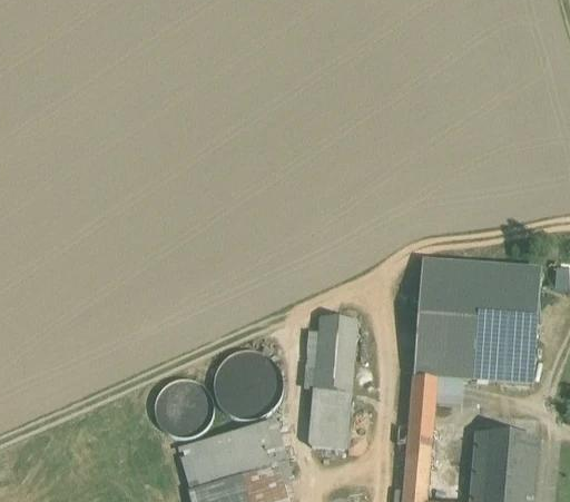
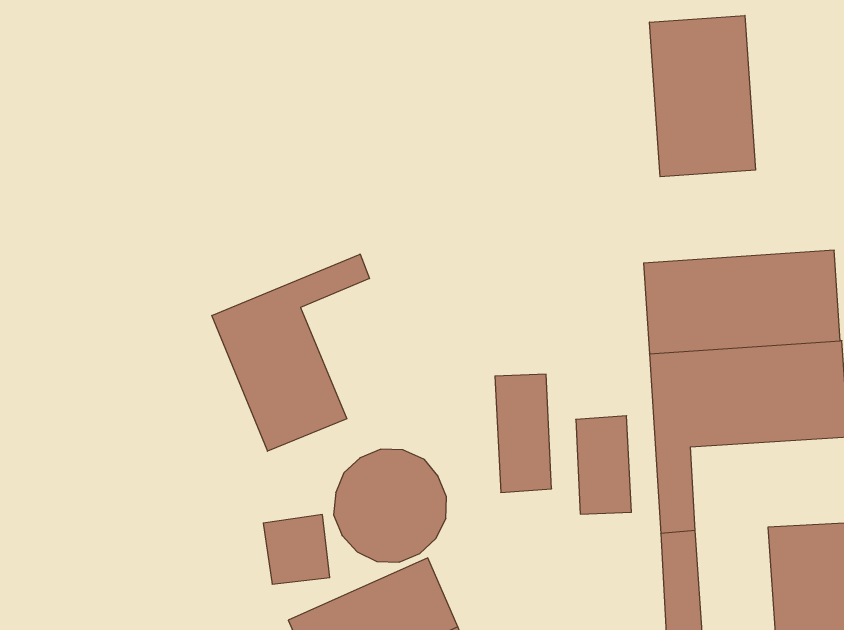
building: none -> [650,15,755,177]
building: none -> [212,254,369,451]
building: [311,387,347,449] -> [576,416,631,514]

